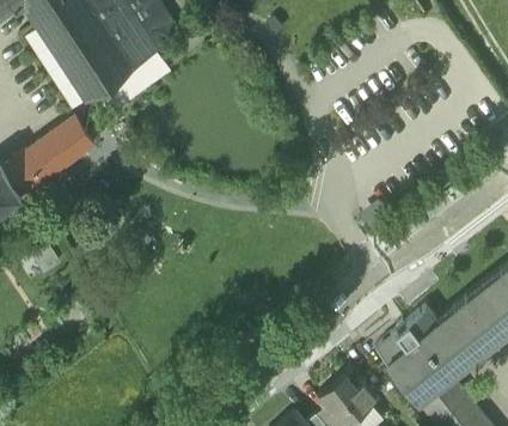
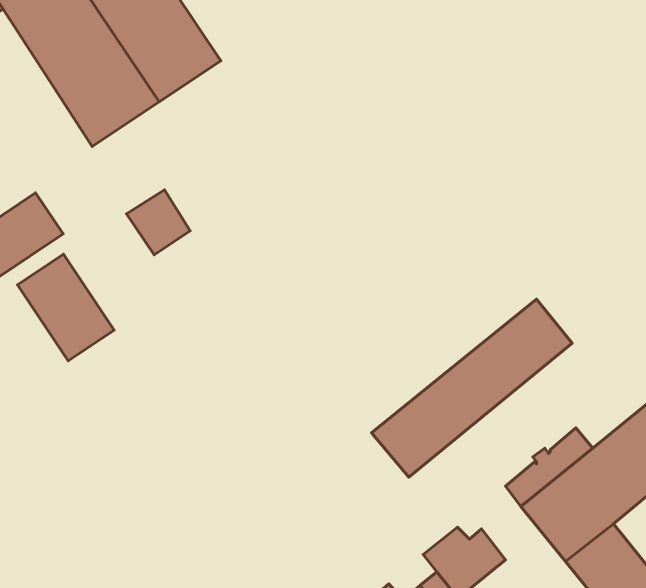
building: [49,126,93,171] -> [127,190,190,255]
building: none -> [17,254,114,361]
building: none -> [372,299,572,477]

